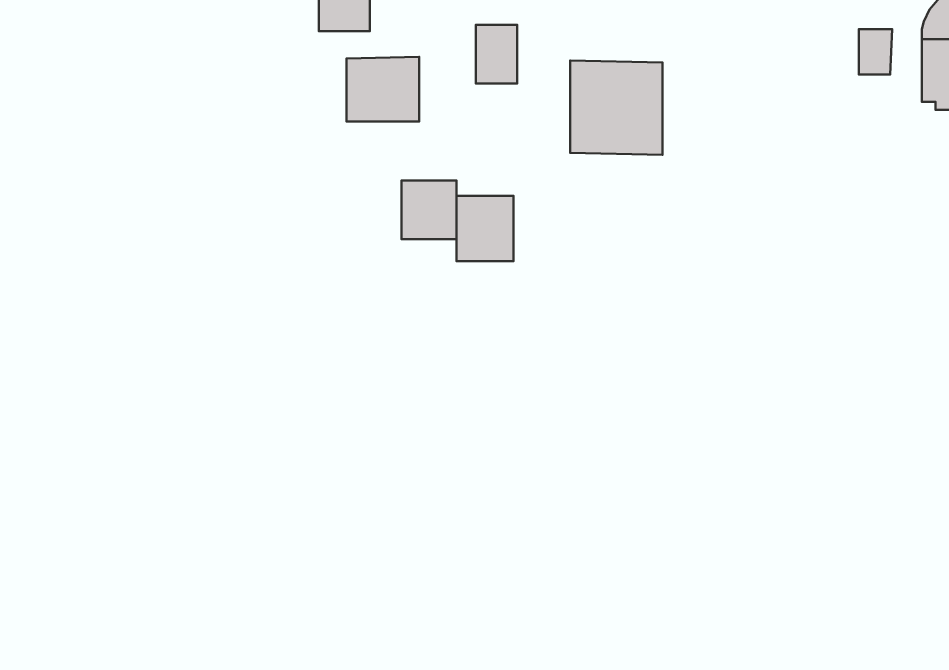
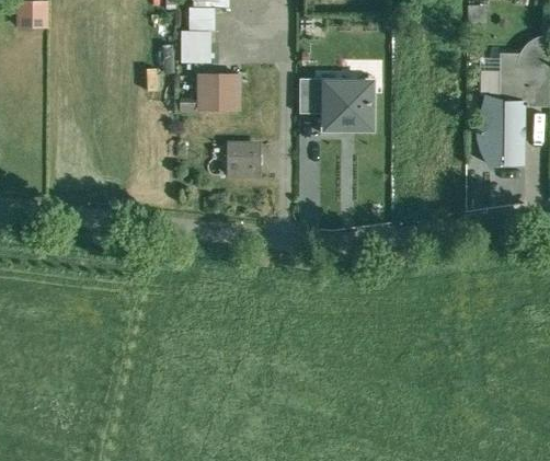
building: [476,25,517,84] -> [298,78,321,111]
building: none -> [479,94,525,164]
building: [456,196,514,261] -> none

